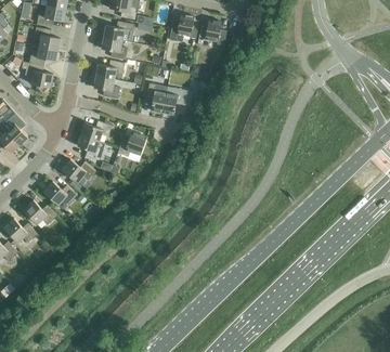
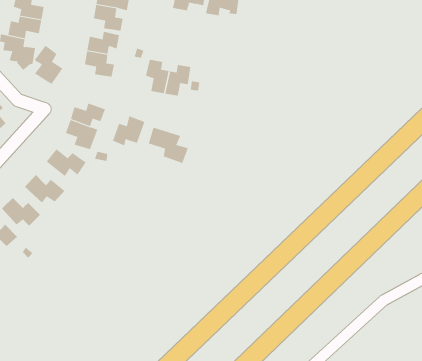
building: none -> [34,45,63,85]
building: none -> [148,127,189,164]

